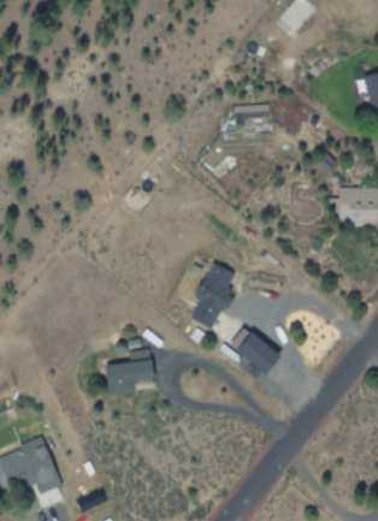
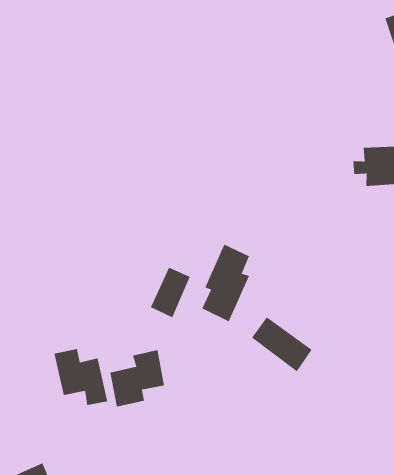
building: none -> [150,267,190,318]
building: none -> [54,348,108,406]

